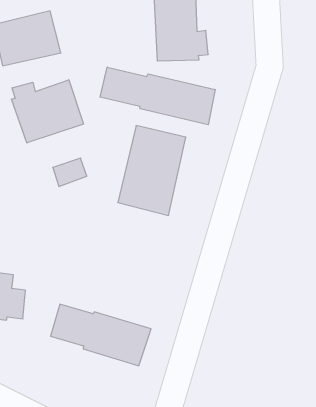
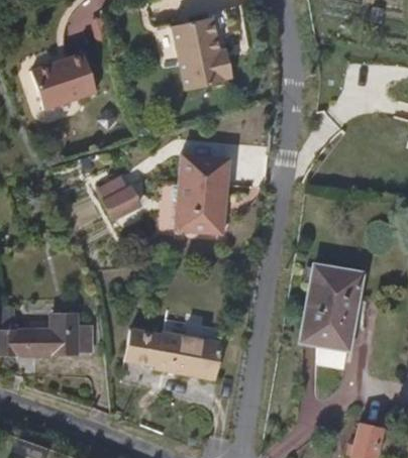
building: [100,67,215,125] -> none
building: [11,80,83,143] -> none
building: none -> [300,266,361,367]

